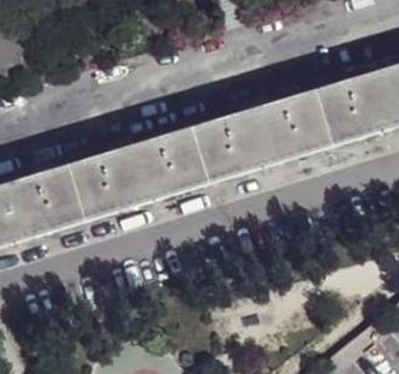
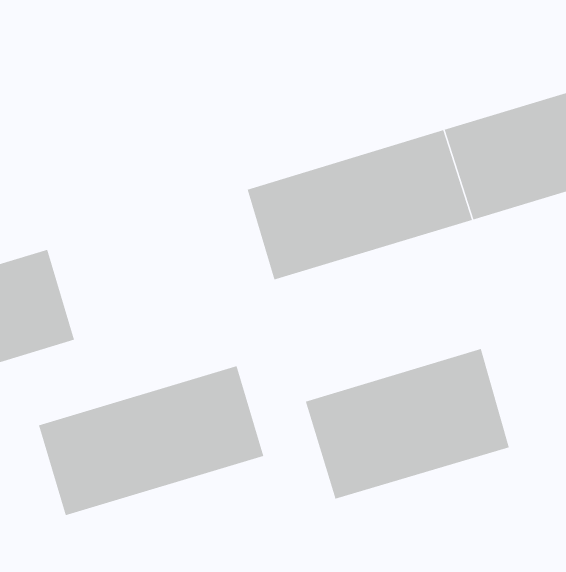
building: [71,125,212,219] -> [38,365,264,516]
building: none -> [305,348,510,500]

